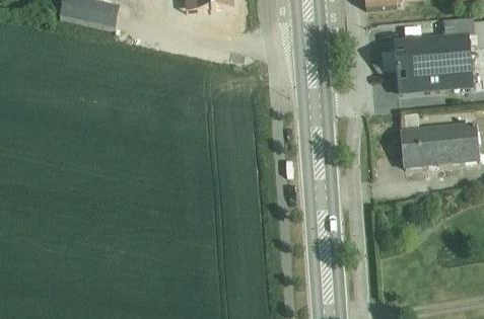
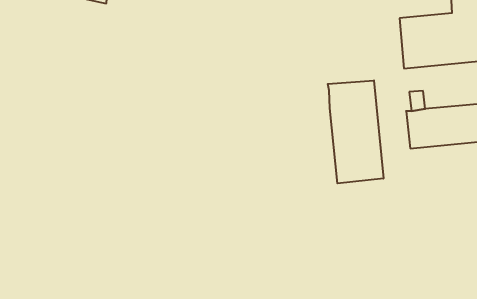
building: none -> [328,80,383,183]

